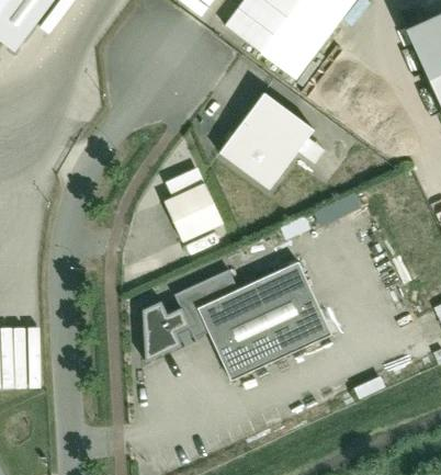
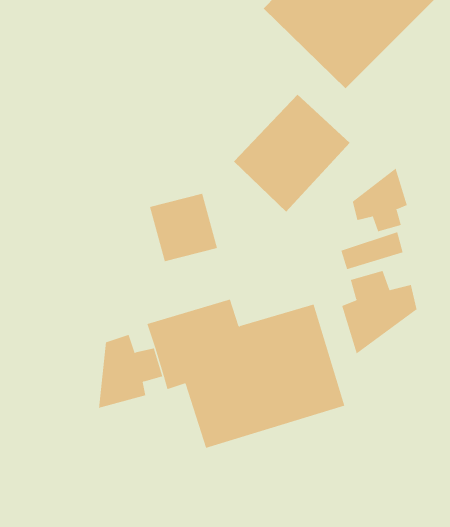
building: none -> [352,167,408,232]
building: none -> [342,270,417,355]

